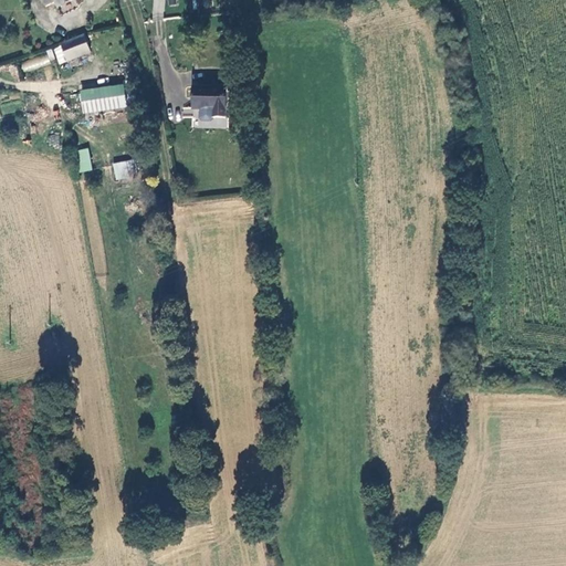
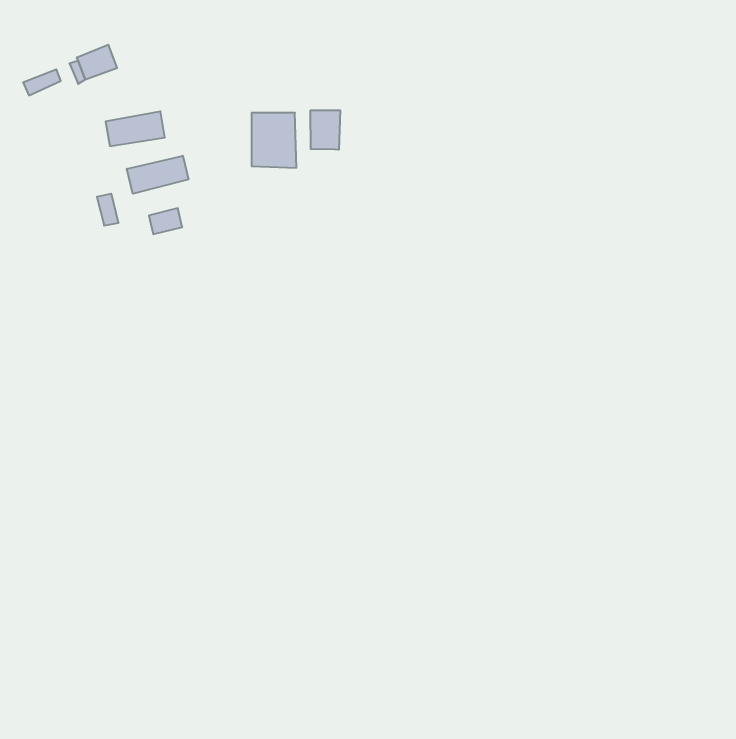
building: none -> [311,110,340,150]
building: none -> [127,156,188,194]

